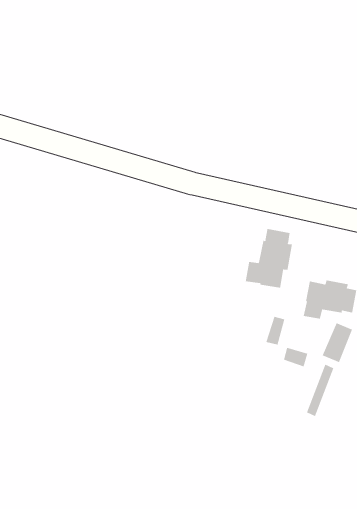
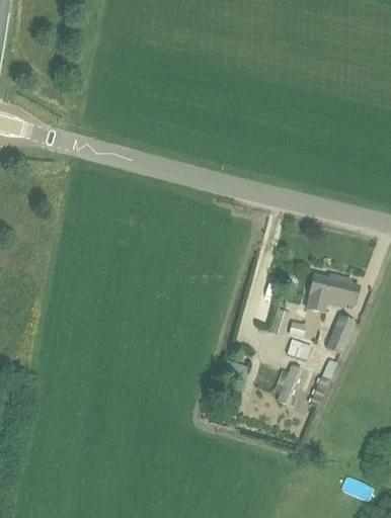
building: [245,228,293,288] -> none
building: none -> [272,364,301,405]

